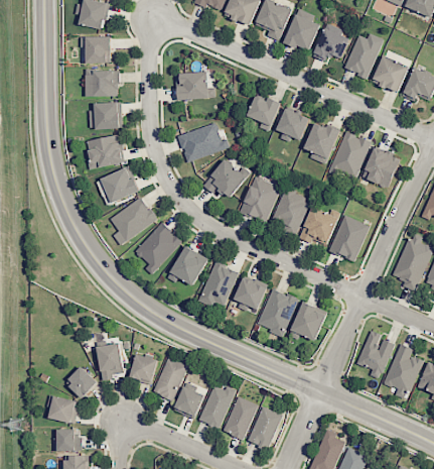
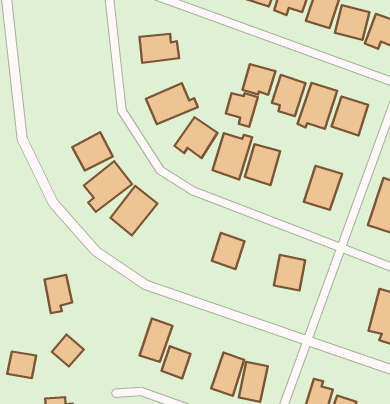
building: [81,35,112,63] -> none
building: [86,70,119,96] -> none
building: [248,96,281,131] -> [226,93,258,127]
building: [89,102,122,129] -> none
building: [85,134,125,168] -> none
building: [298,206,338,244] -> none
building: [168,246,207,285] -> none
building: [198,261,239,310] -> none
building: [258,287,298,336] -> none
building: [357,330,394,379] -> none
building: [98,343,124,380] -> [44,275,72,313]
building: [130,353,158,383] -> none
building: [199,384,235,429] -> none
building: [48,395,79,424] -> [7,351,36,378]

